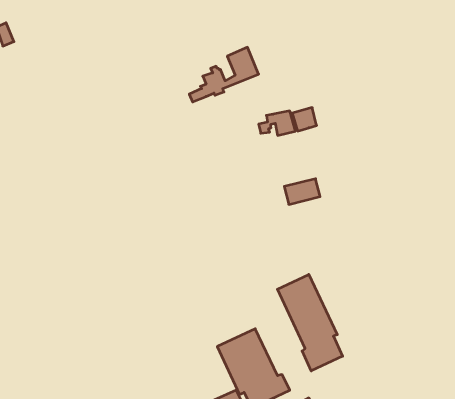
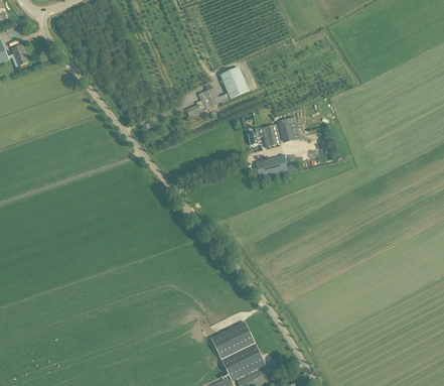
building: [284,179,320,204] -> [254,154,286,177]
building: [277,274,343,371] -> none

